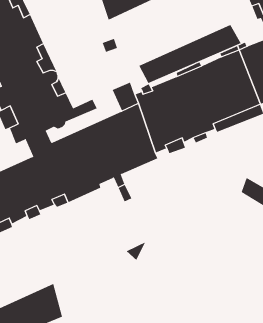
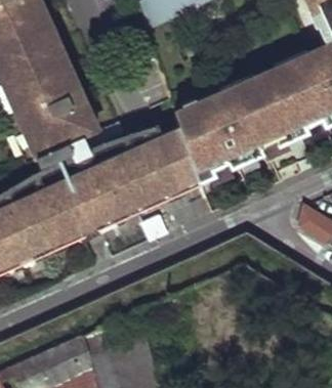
building: [139,24,241,84] -> none

